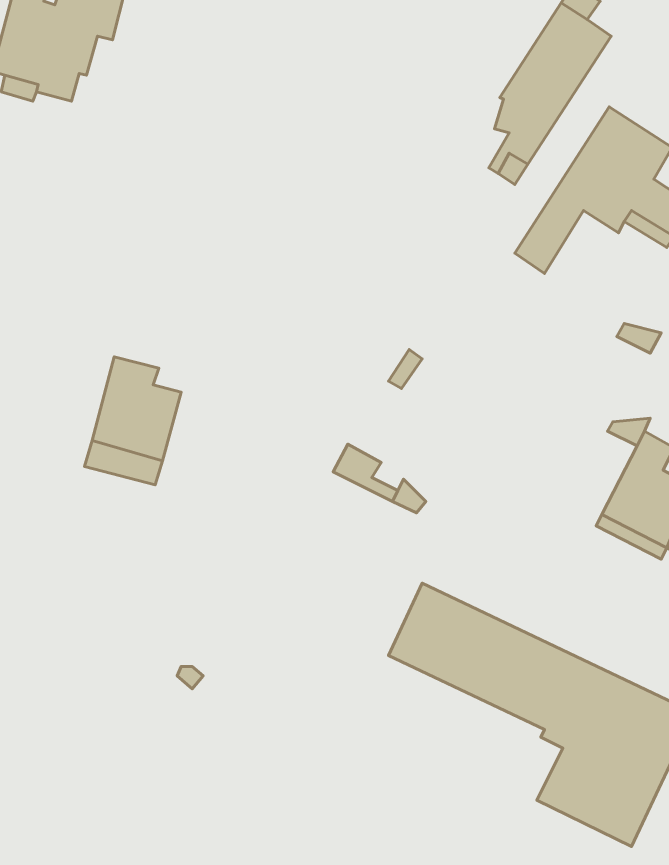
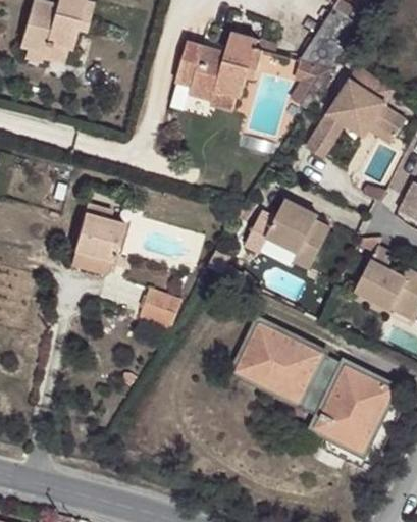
building: none -> [175,30,277,111]
building: none -> [245,199,329,268]
building: none -> [140,289,180,325]

